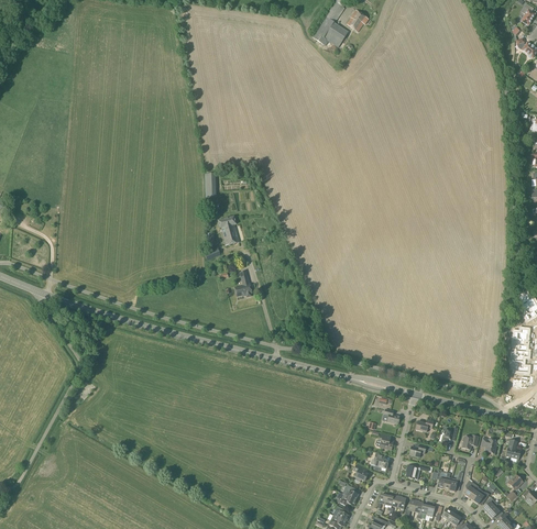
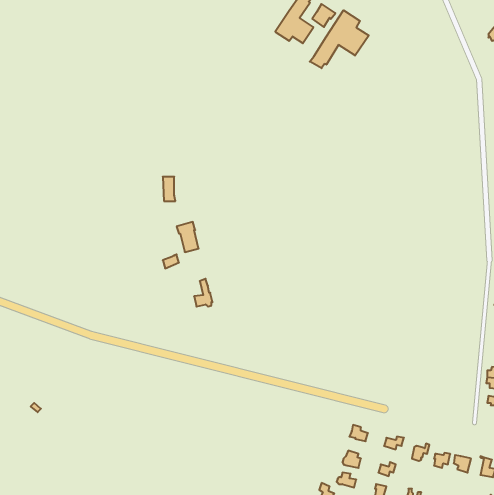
building: none -> [310,10,369,68]

